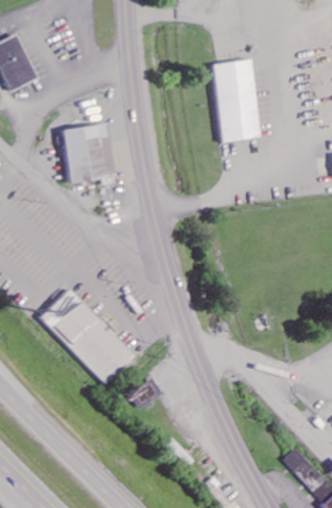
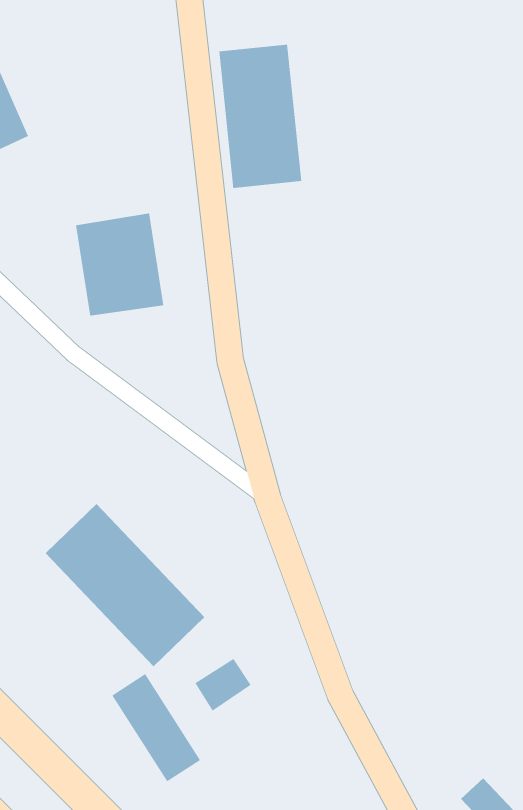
building: [211,59,259,142] -> [218,44,302,188]
building: none -> [112,673,201,782]

